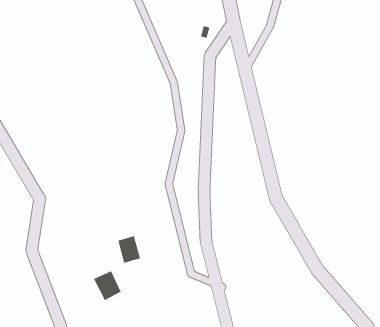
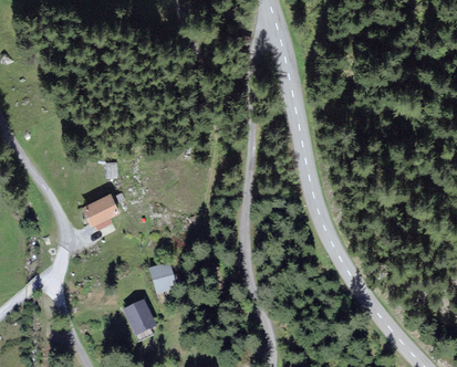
building: none -> [82,193,120,227]

